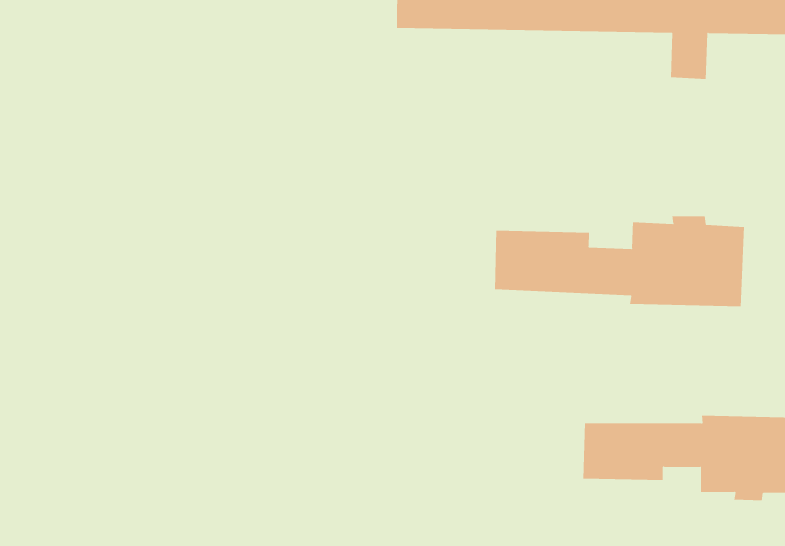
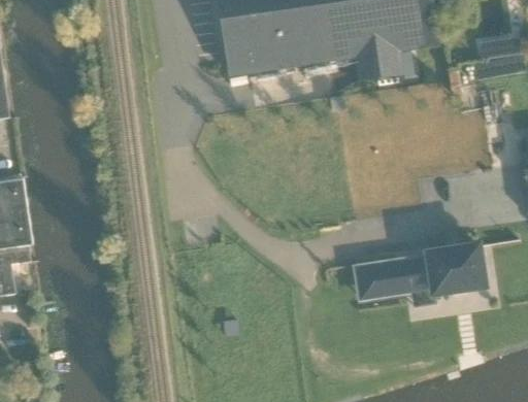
building: [494,215,744,307] -> none

